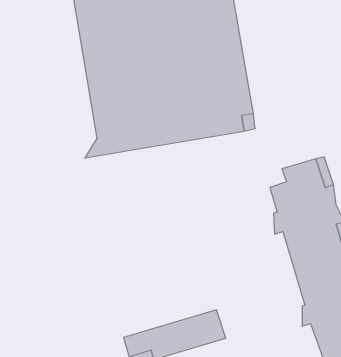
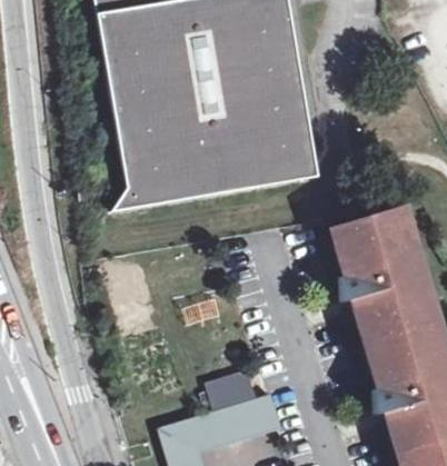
building: none -> [203,370,254,409]

